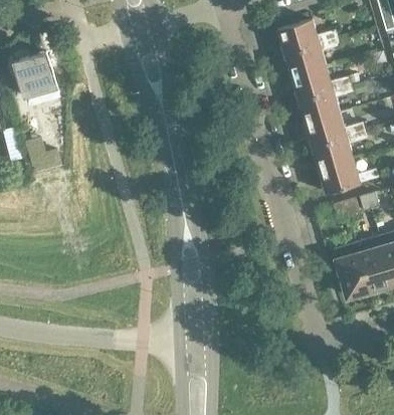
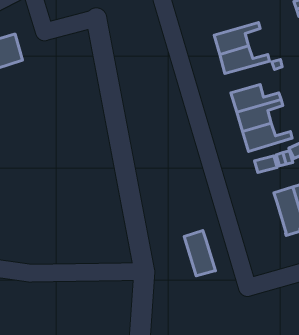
building: [277,21,338,55] -> none
building: [298,86,353,125] -> none
building: [334,244,371,298] -> [184,231,215,276]

